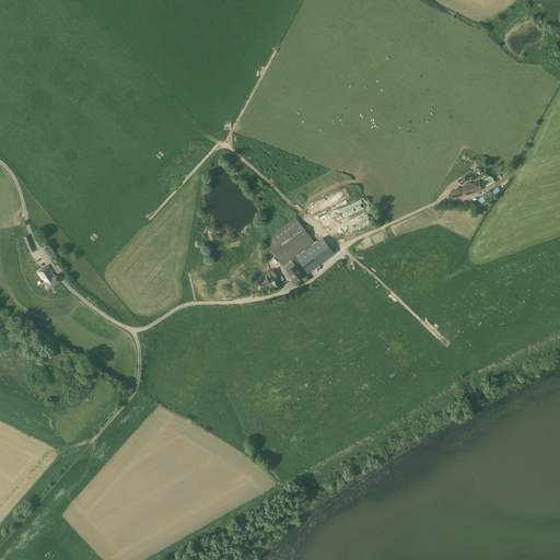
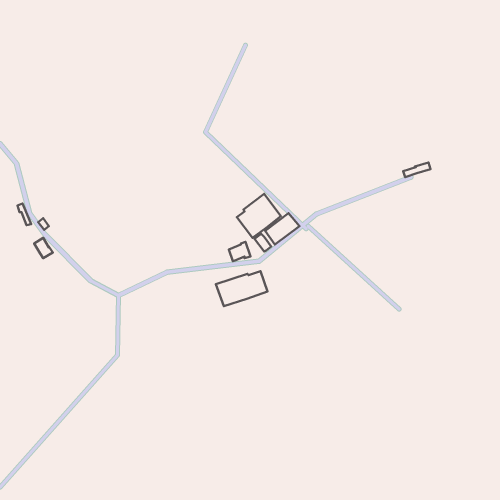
building: none -> [216,271,267,306]

